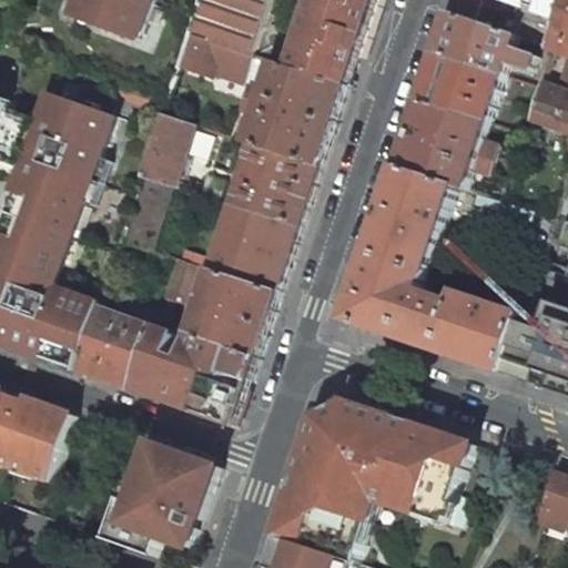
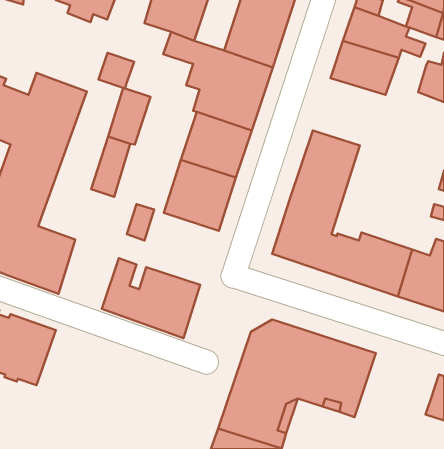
building: [170,29,214,73] -> [99,53,134,88]
building: [392,98,494,185] -> none
building: [183,266,274,356] -> none
building: [73,303,149,386] -> none
building: [110,440,215,556] -> none

